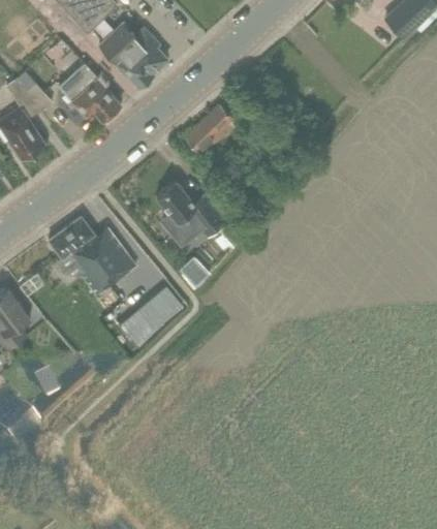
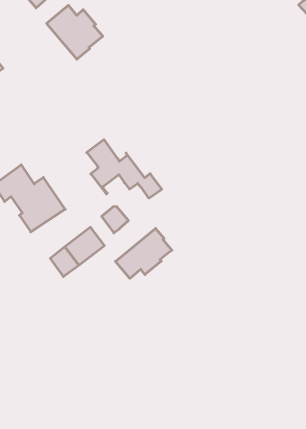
building: [60,64,120,120] -> none
building: [184,104,239,156] -> none
building: none -> [115,228,172,278]

